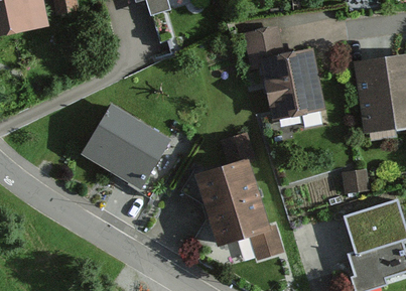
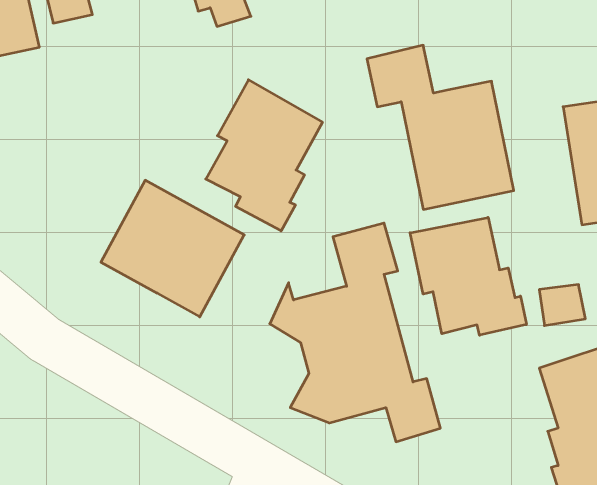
building: none -> [206,80,322,231]
building: none -> [410,217,526,335]

